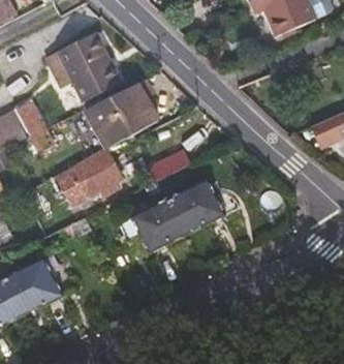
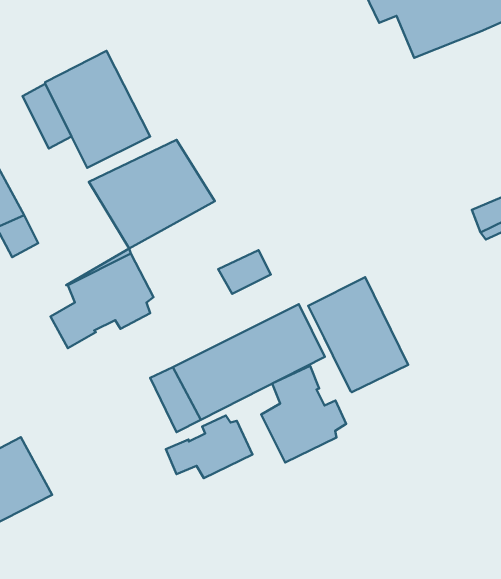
building: none -> [308,277,408,392]
building: none -> [261,366,346,463]
building: none -> [166,416,253,478]

